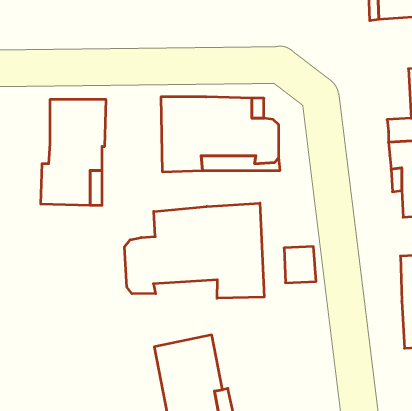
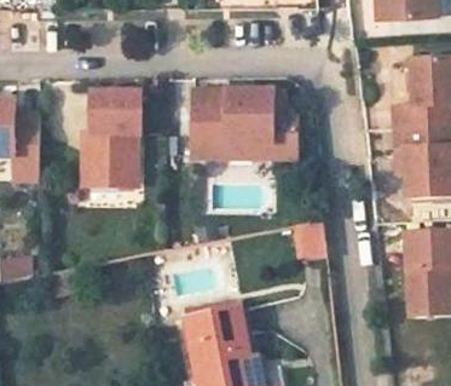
building: [124,203,264,298] -> none

